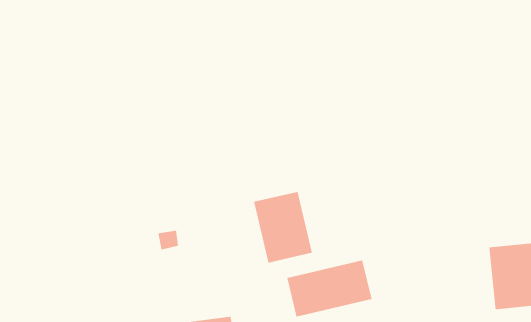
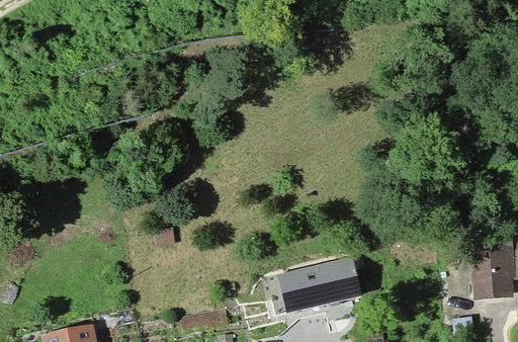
building: [254,191,313,263] -> none

